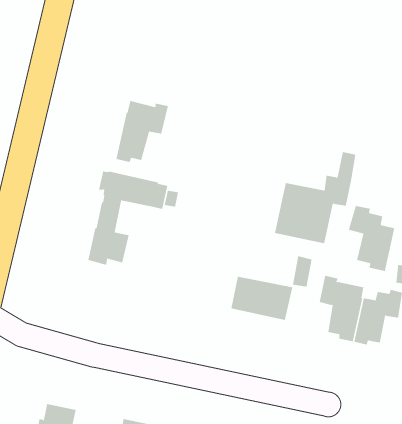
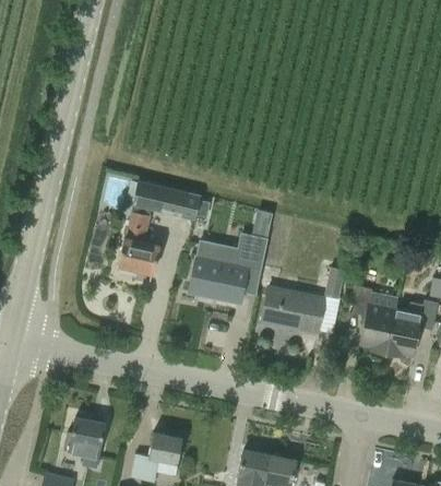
building: [116,100,169,163] -> none
building: [274,151,356,244] -> [189,210,272,304]
building: [348,205,395,272] -> none

